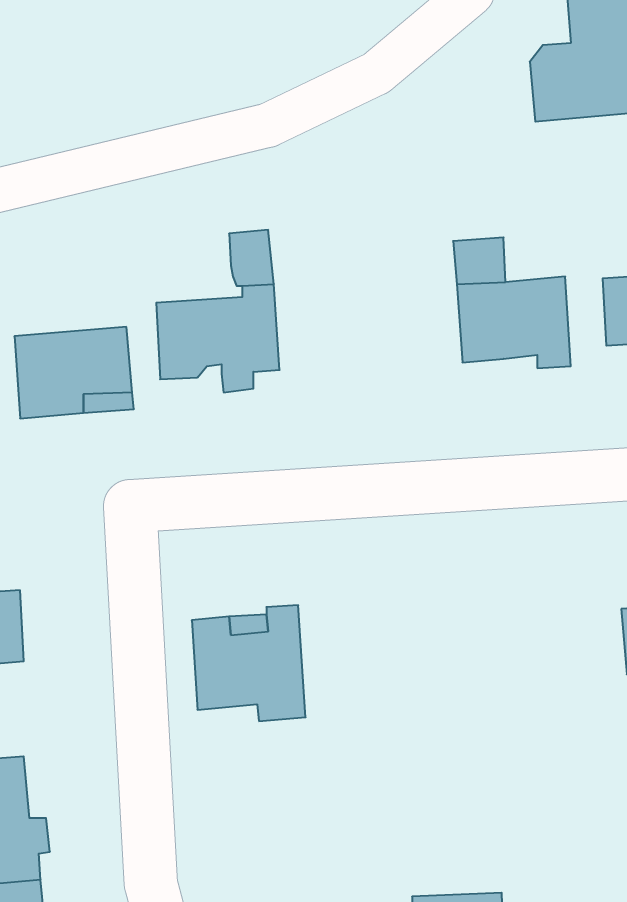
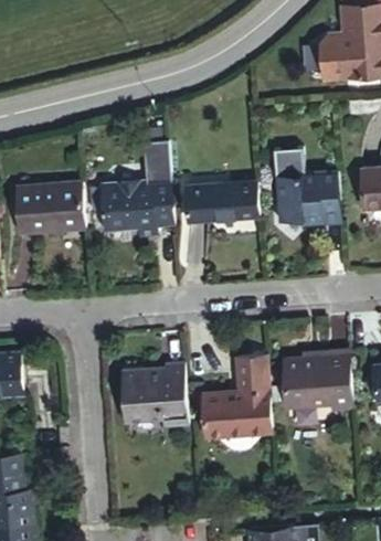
building: none -> [187,181,261,222]
building: none -> [283,350,352,411]
building: none -> [203,357,272,437]

